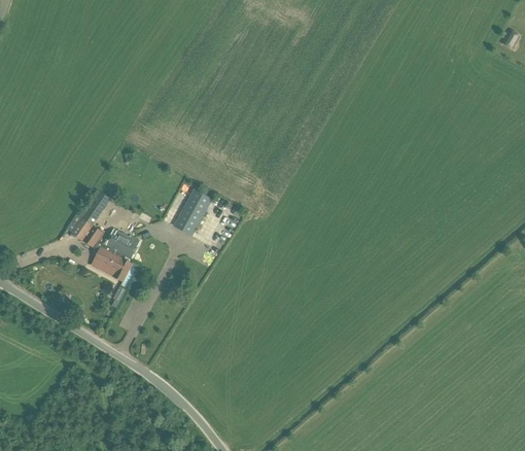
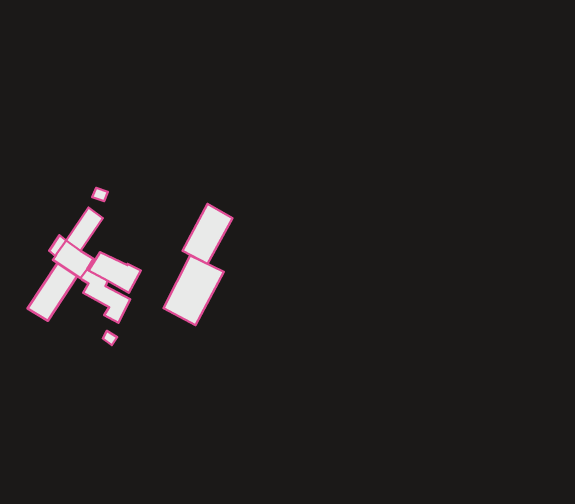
building: none -> [164,256,224,325]
building: none -> [27,263,77,321]

